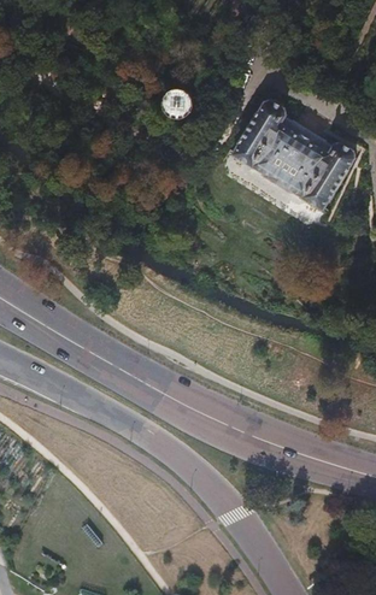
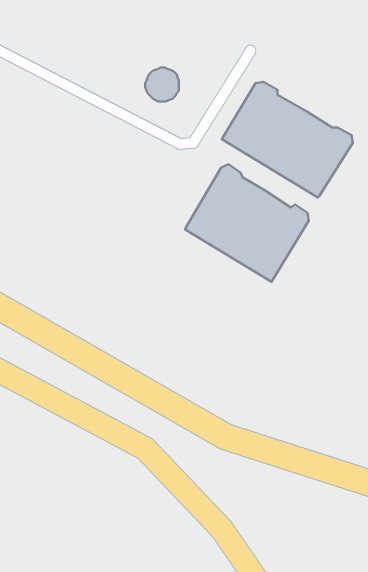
building: none -> [185,164,309,282]

